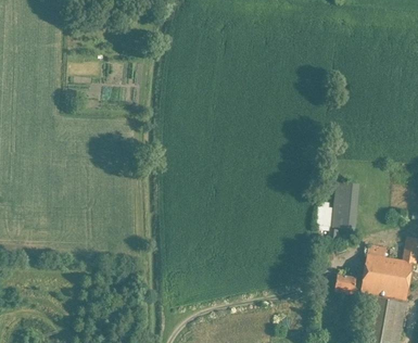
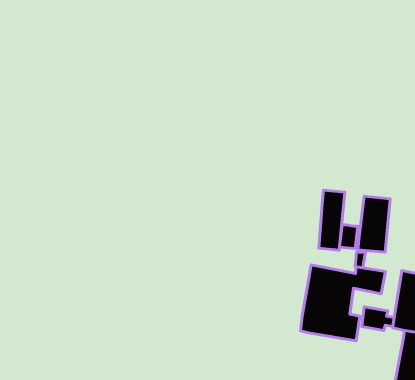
building: none -> [319,190,345,250]
building: none -> [300,265,385,341]

